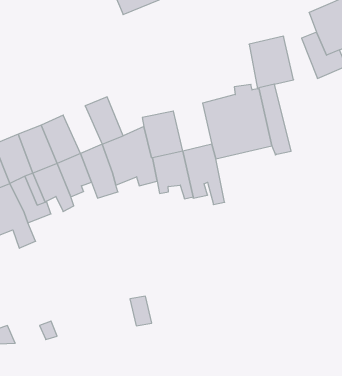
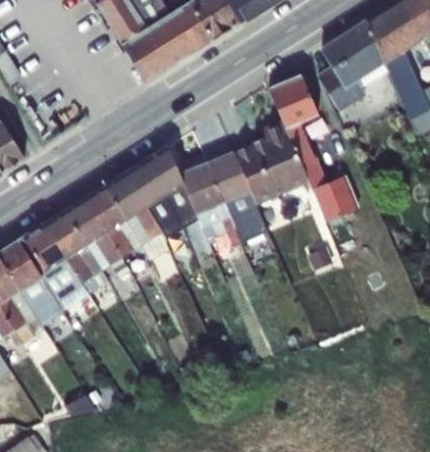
building: none -> [143,147,182,196]
building: none -> [208,152,250,201]
building: none -> [104,173,146,219]
building: none -> [313,177,356,220]

